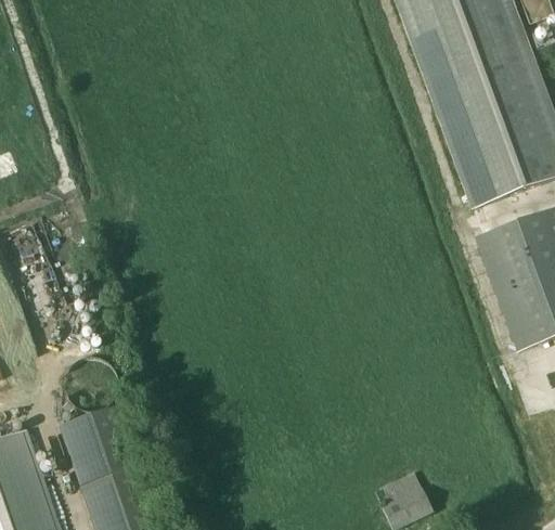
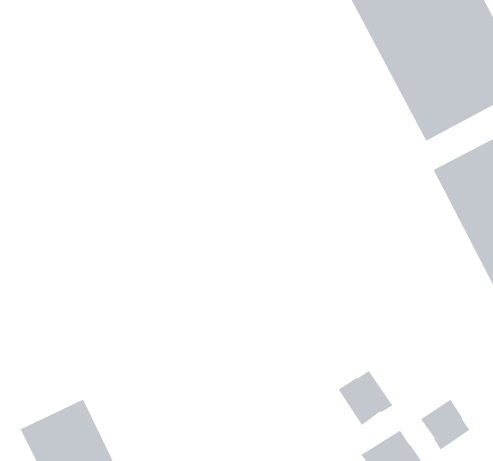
building: none -> [338,370,393,426]
building: none -> [420,399,470,451]

